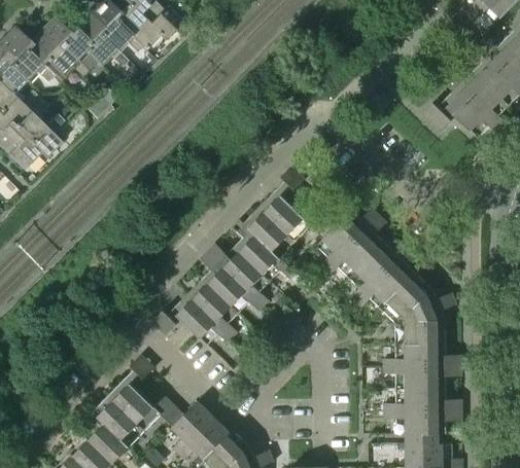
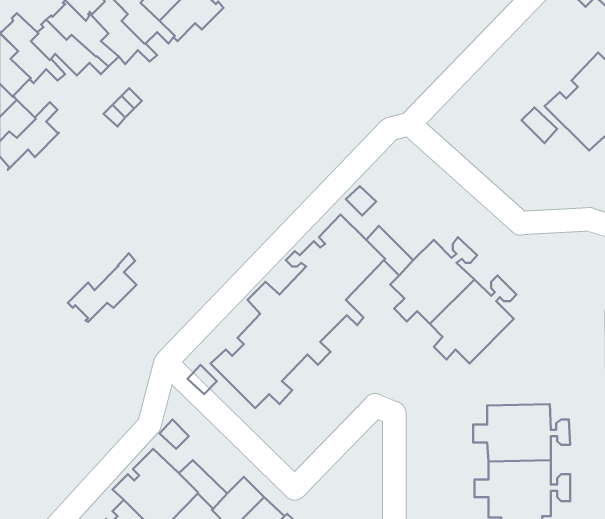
building: [7,113,63,169] -> [68,253,137,322]
building: [380,274,456,344] -> none

